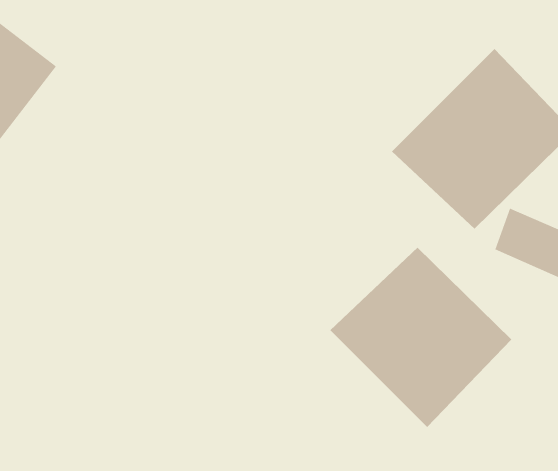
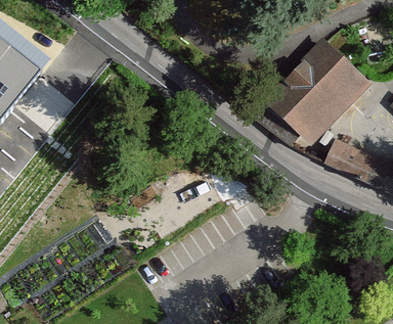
building: [329,247,512,428] -> none

